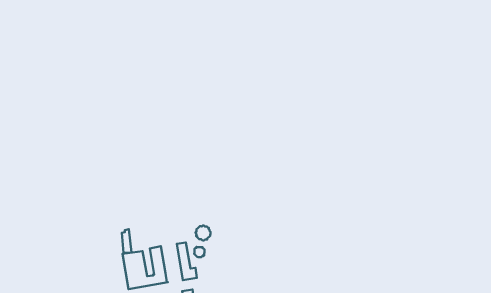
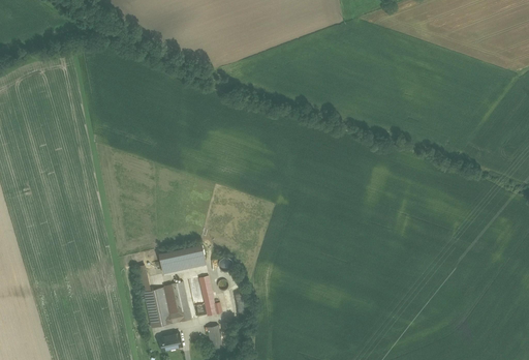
building: none -> [160,243,208,272]

